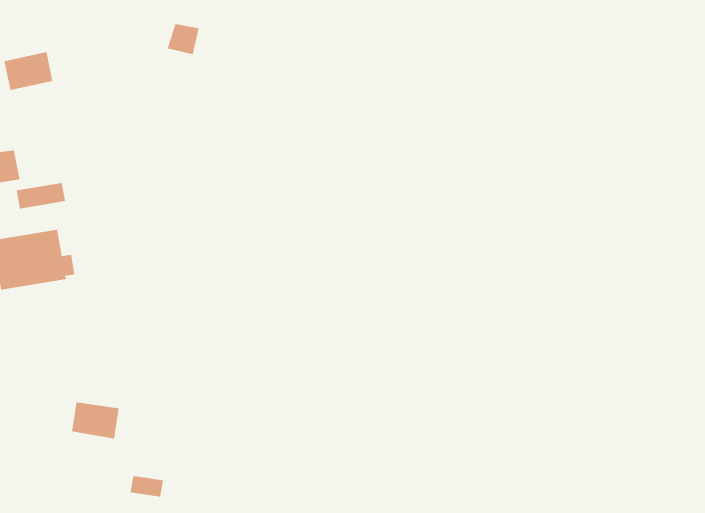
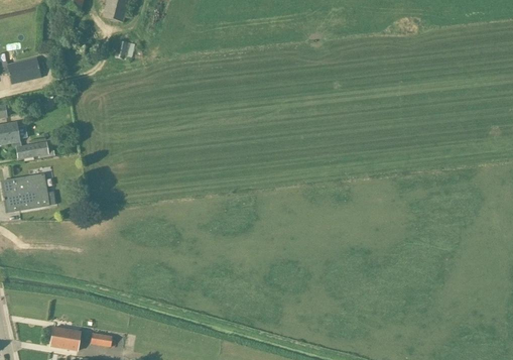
building: [71,402,119,439] -> [50,326,82,350]

